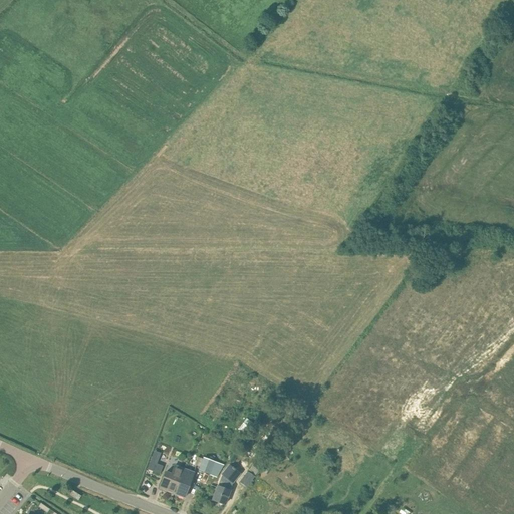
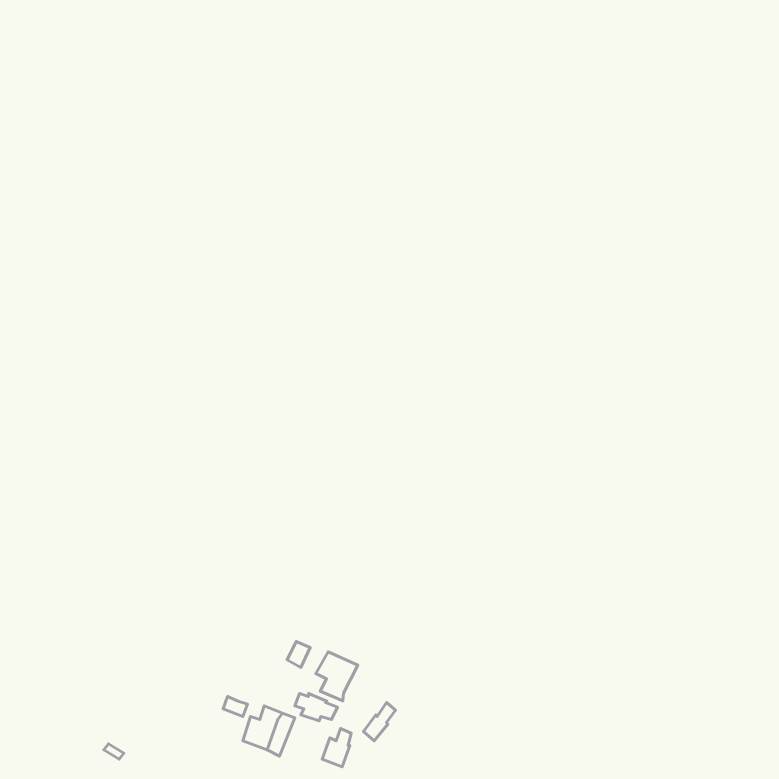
building: none -> [316,652,358,701]

